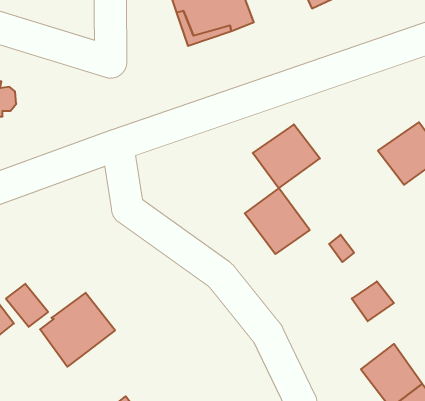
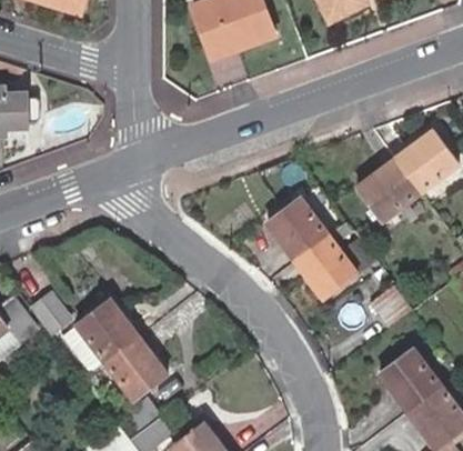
building: [253,124,320,188] -> [354,160,420,222]
building: none -> [294,238,355,300]
building: none -> [104,335,167,400]

